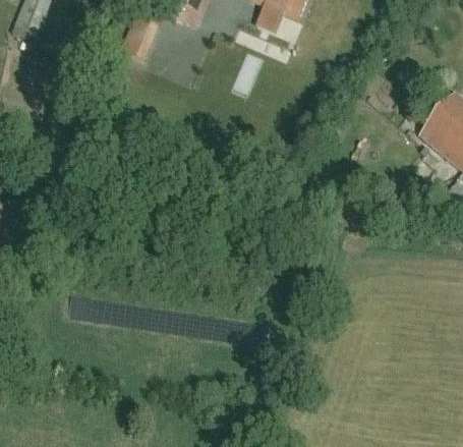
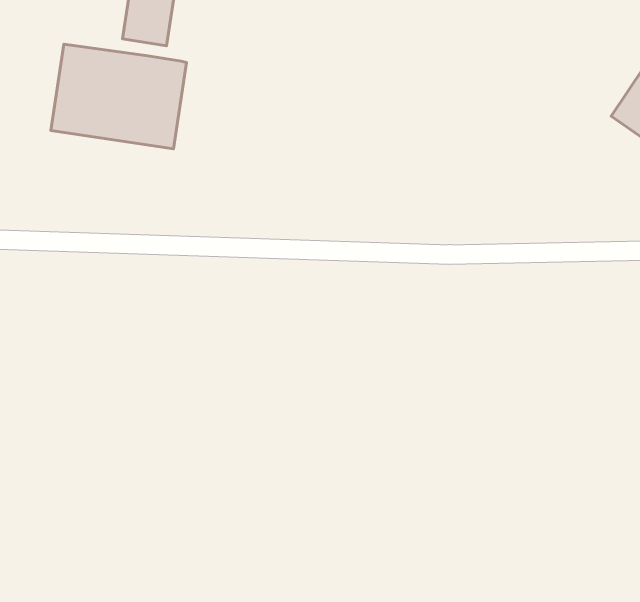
building: none -> [51,44,187,149]

